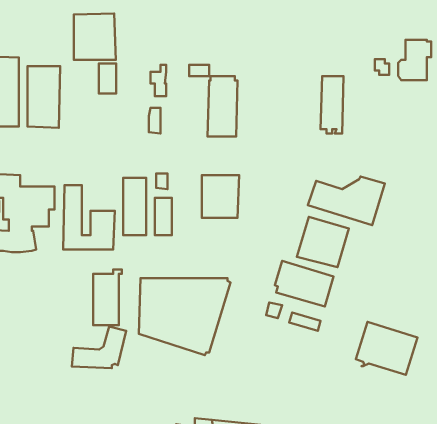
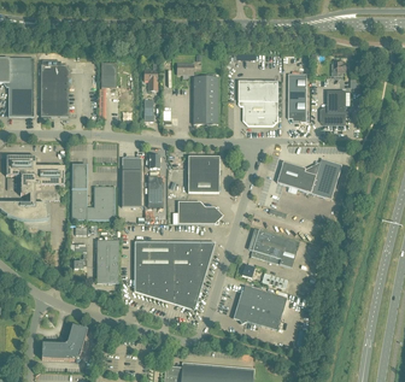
building: [74,13,116,60] -> none
building: [398,40,431,80] -> [321,89,348,123]
building: none -> [237,80,277,124]
building: [297,217,349,267] -> none
building: none -> [177,200,222,222]
building: [356,322,417,375] -> [234,284,286,329]
building: [72,327,126,368] -> [40,324,86,359]

